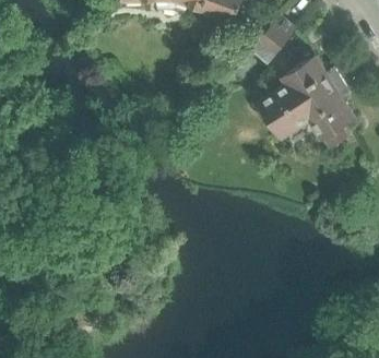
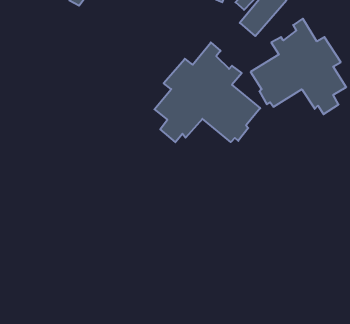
building: none -> [154,42,260,142]

